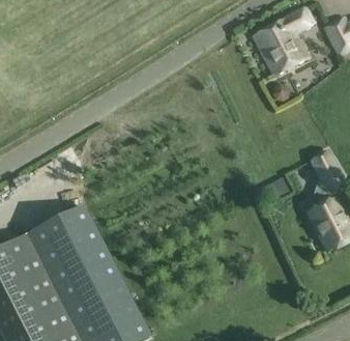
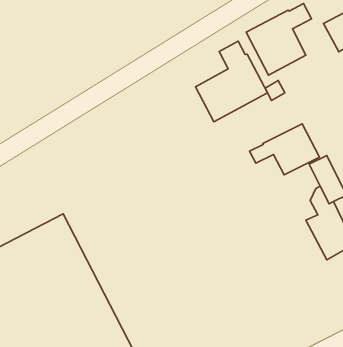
building: none -> [196,41,268,122]
building: none -> [250,124,319,175]

